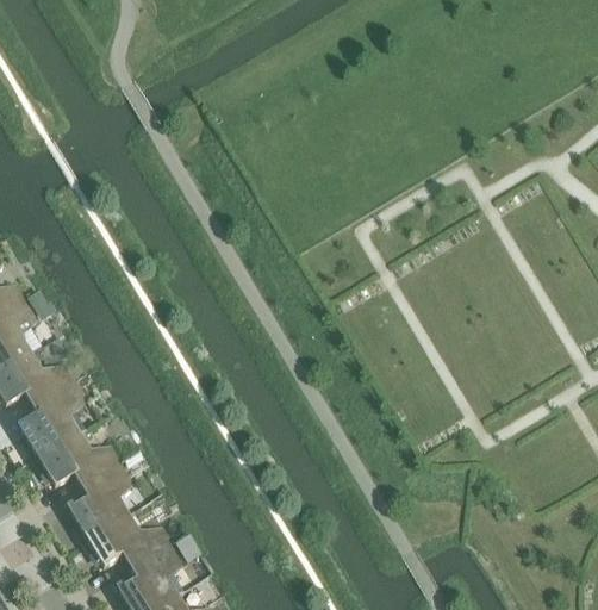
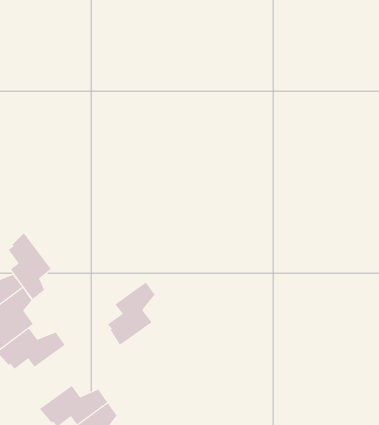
building: none -> [8,233,52,300]
building: [67,460,133,541] -> [107,282,155,346]

